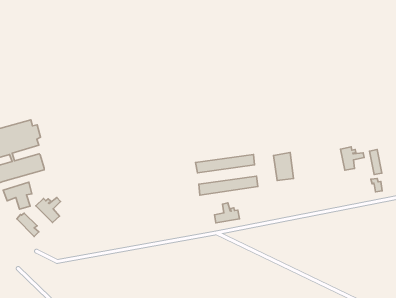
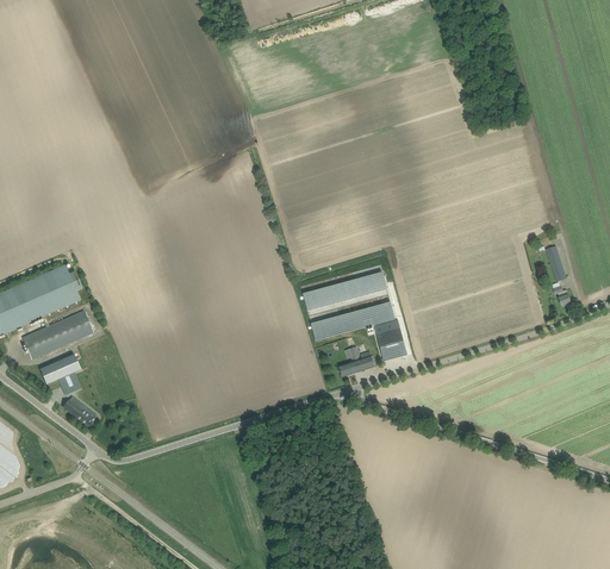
building: [341,147,364,170] -> none
building: [274,152,294,181] -> [374,319,406,361]
building: [36,198,60,223] -> none

